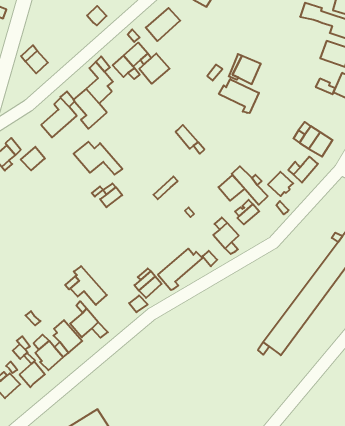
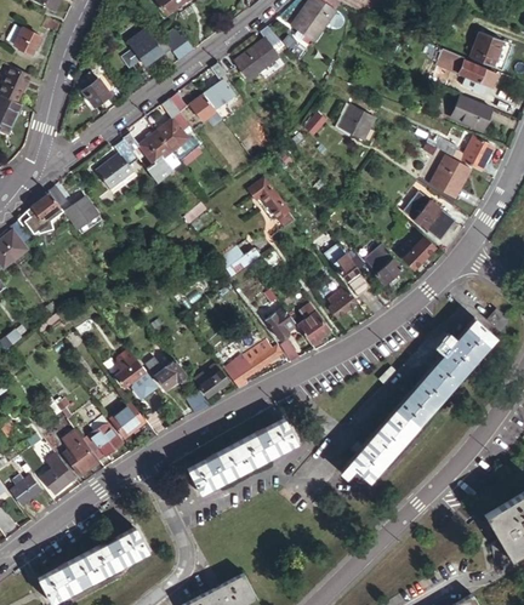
building: none -> [127,29,170,65]
building: [139,53,170,84] -> none
building: [219,79,259,113] -> none
building: none -> [428,158,468,199]
building: [74,142,122,175] -> none
building: [218,175,245,201] -> [264,307,297,338]
building: none -> [144,358,183,389]
building: none -> [188,421,296,492]

